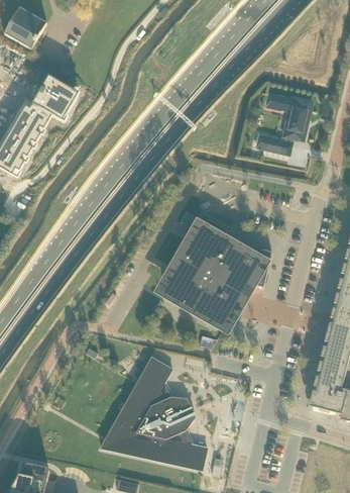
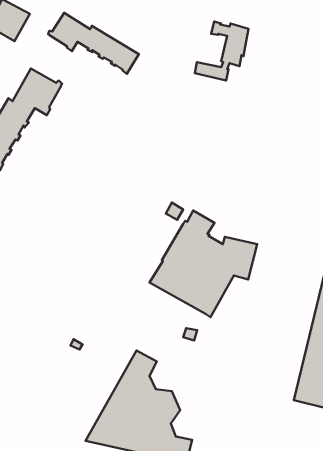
building: none -> [48,13,139,74]
building: [258,95,312,154] -> [195,22,249,80]

